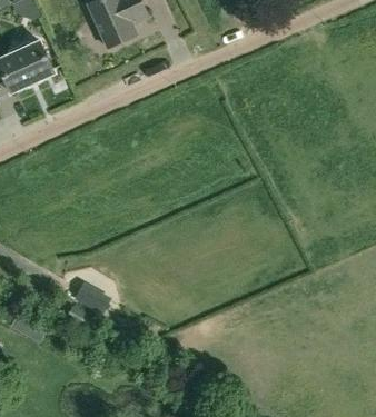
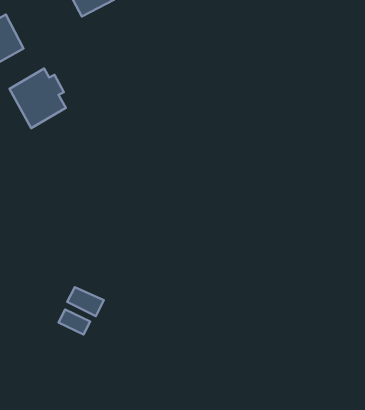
building: none -> [9,69,66,128]

